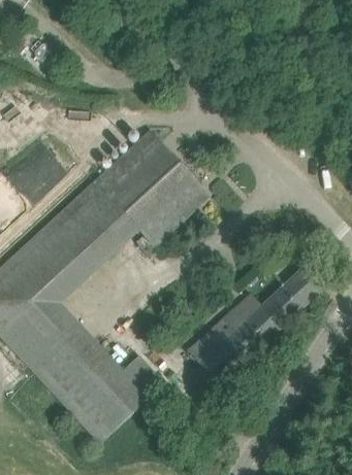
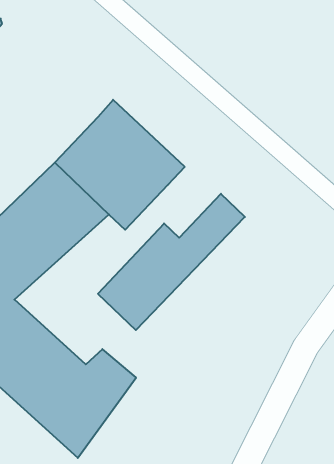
building: [190,268,323,382] -> [98,194,245,330]

